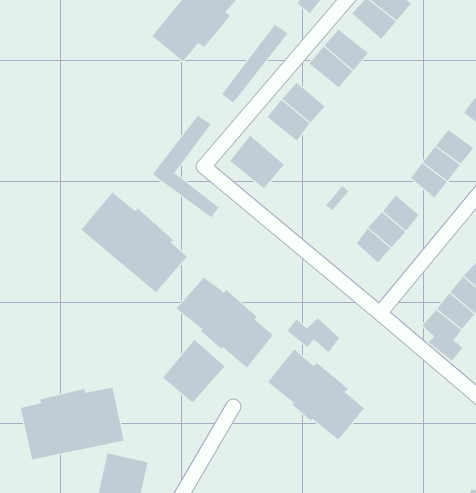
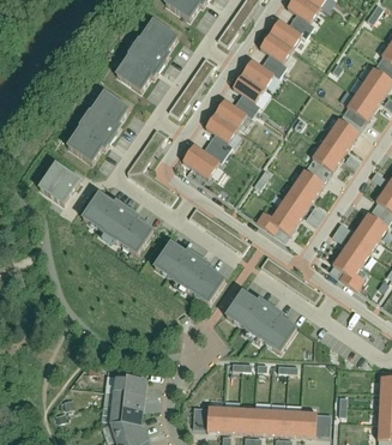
building: none -> [67,90,131,163]
building: none -> [37,161,82,204]
building: [287,318,340,353] -> [258,209,297,234]
building: [162,339,225,403] -> none
building: [20,387,124,460] -> none

